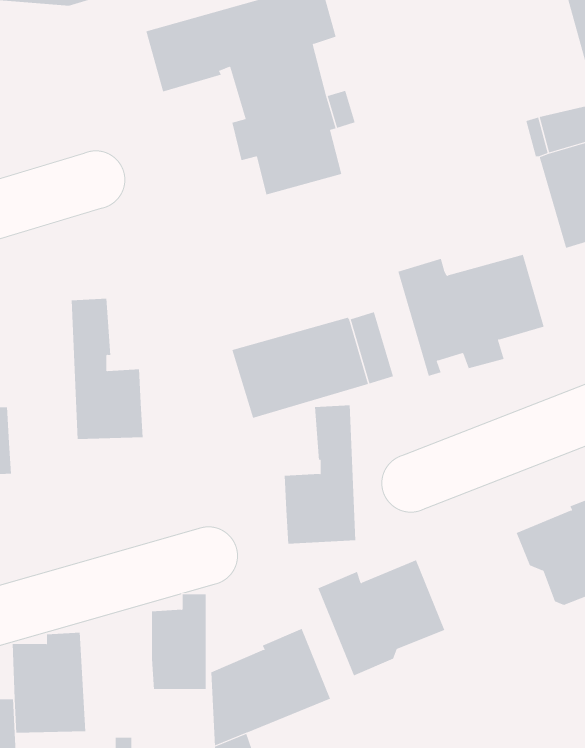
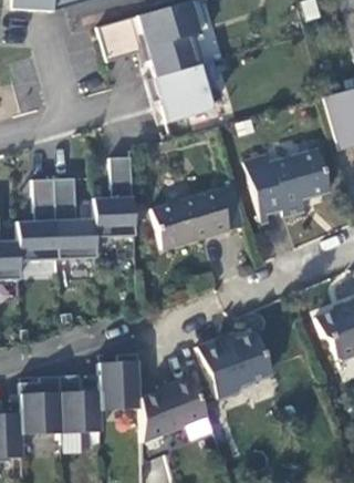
building: none -> [19,181,59,264]
building: [284,405,356,544] -> [94,160,136,240]
building: none -> [61,373,103,431]

